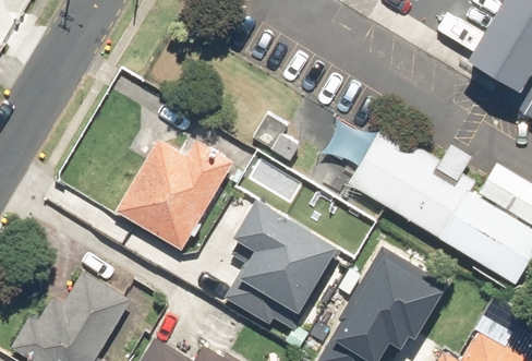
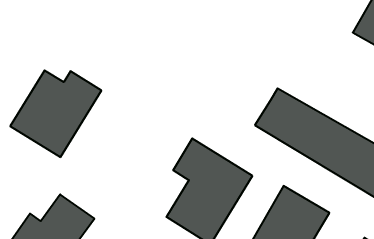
building: [114,137,233,251] -> [10,70,101,157]

